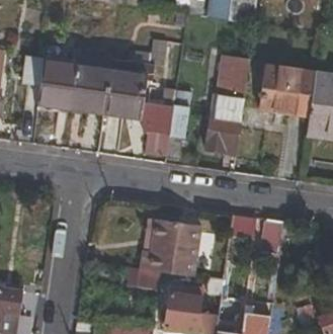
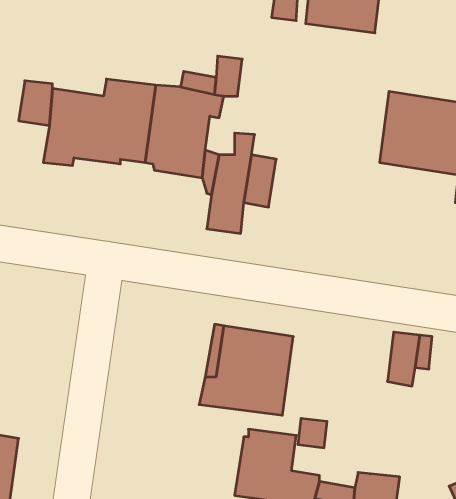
building: [205,58,248,154] -> none

